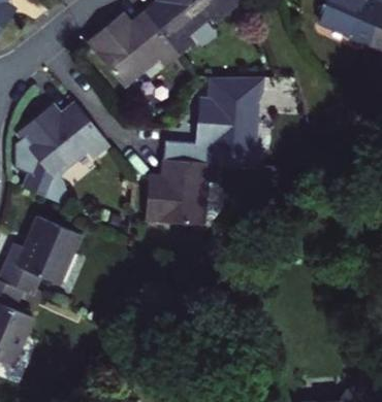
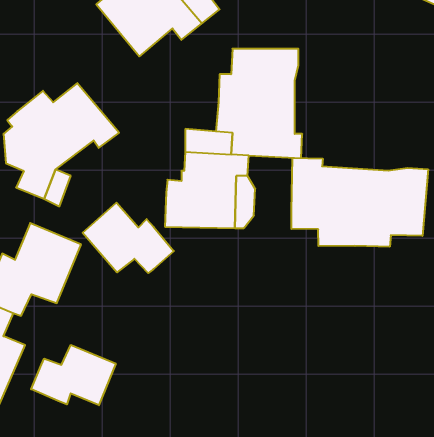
building: none -> [291,158,428,247]
building: none -> [83,203,174,273]
building: none -> [31,345,116,405]

